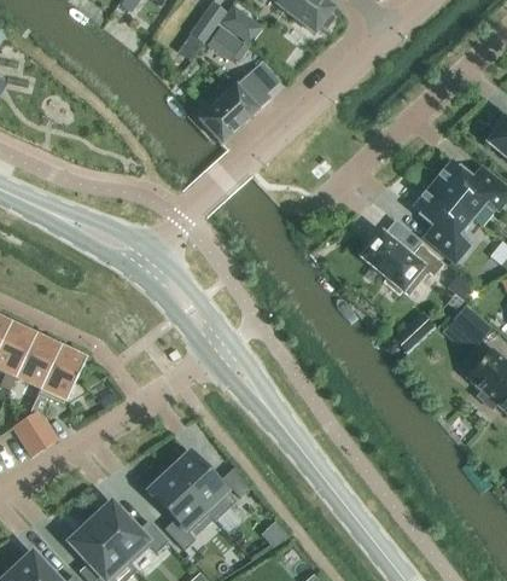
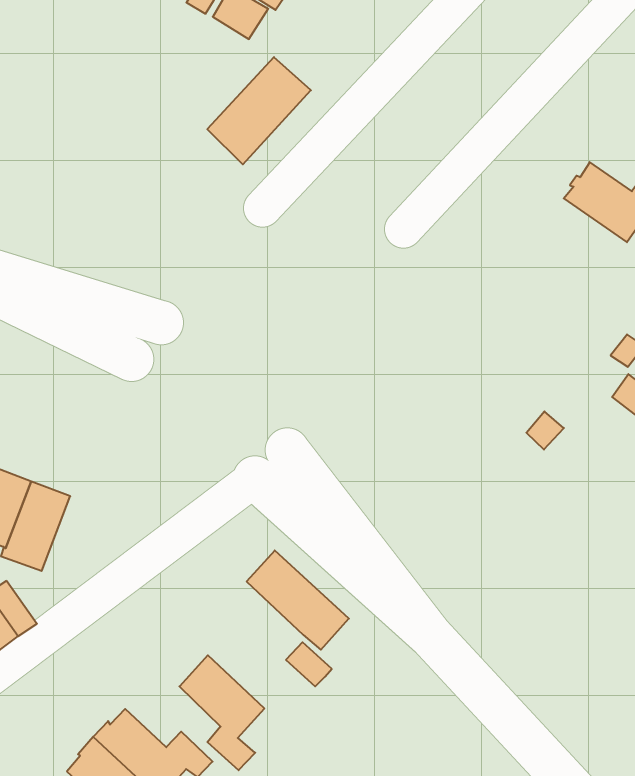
building: [412,184,471,261] -> none
building: [361,231,442,295] -> none
building: [169,451,235,519] -> [247,550,349,650]

